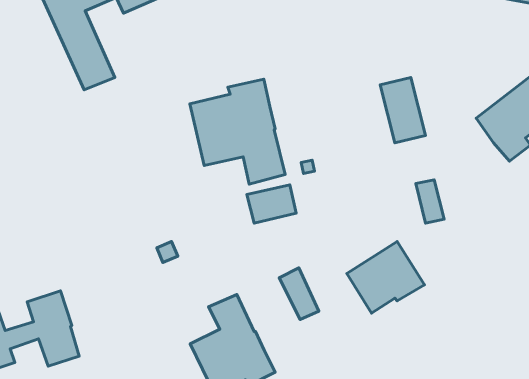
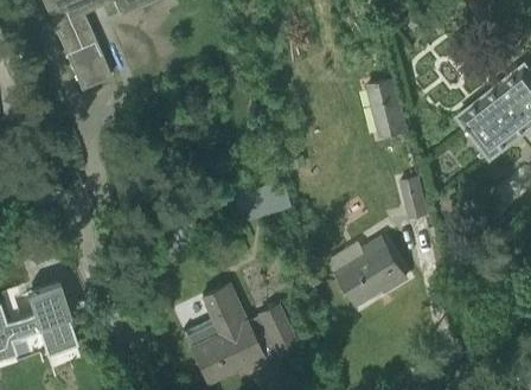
building: [190,79,285,184] -> none
building: [279,268,319,320] -> [258,305,296,354]

